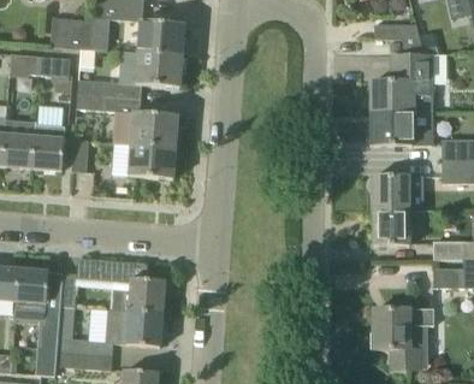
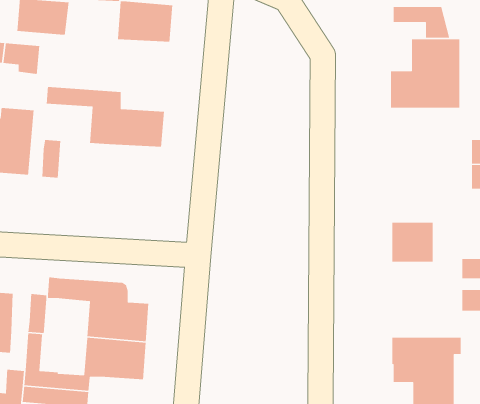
building: [77,52,183,98] -> none
building: [371,112,432,144] -> none
building: [129,143,176,178] -> none
building: [371,173,409,209] -> none

